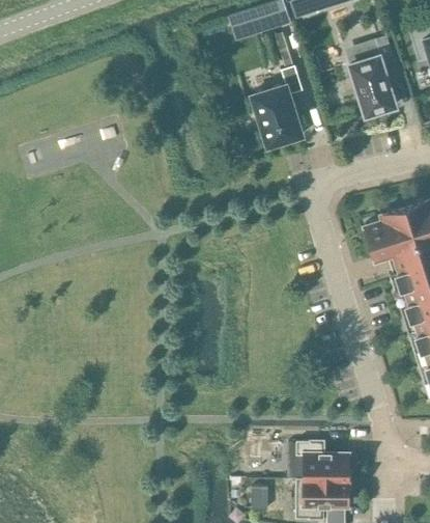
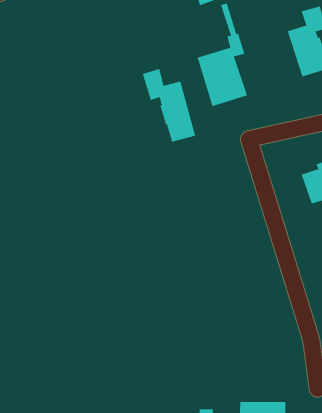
building: none -> [142,68,196,143]
building: [296,442,348,479] -> none

